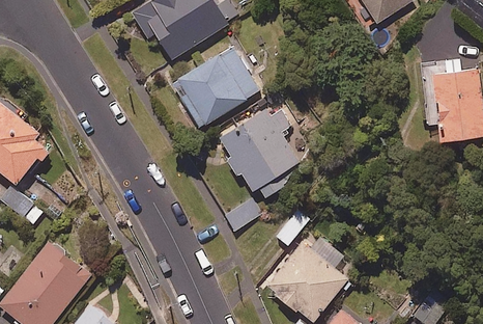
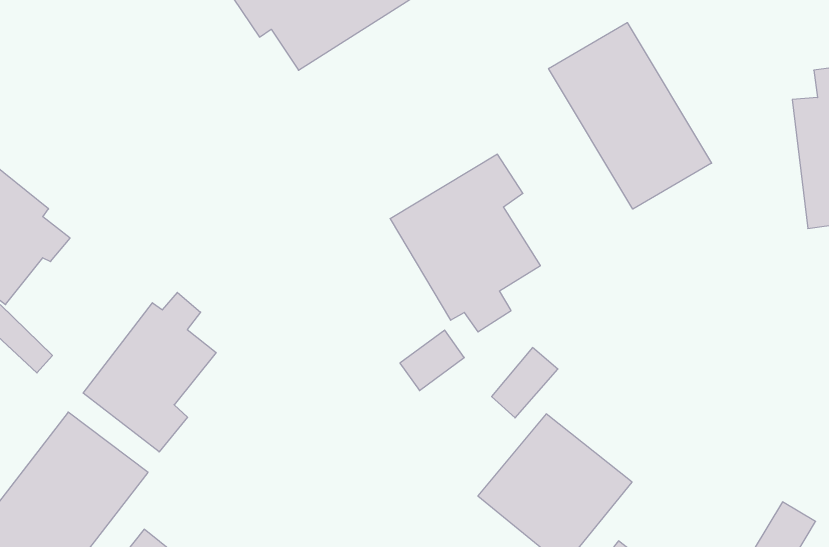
building: none -> [549,23,712,209]
building: [173,45,258,125] -> none
building: none -> [83,292,216,452]

